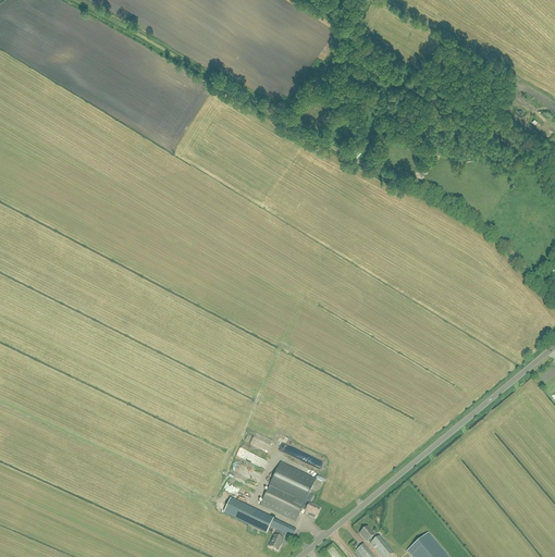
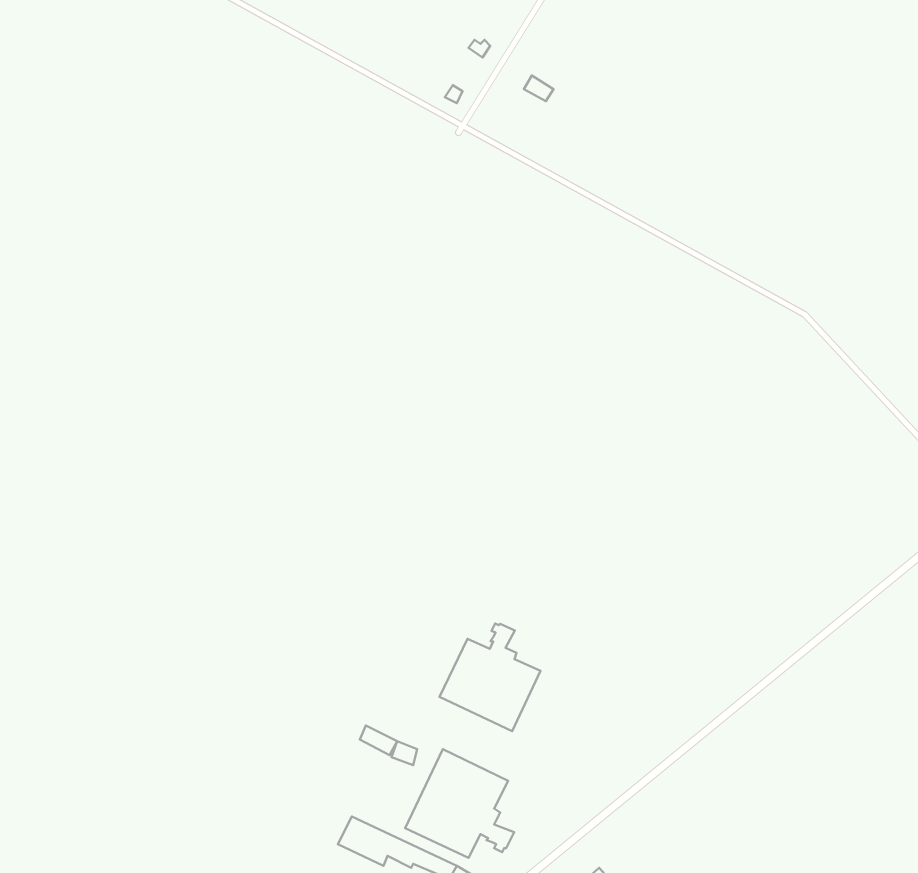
building: none -> [440,623,541,731]

